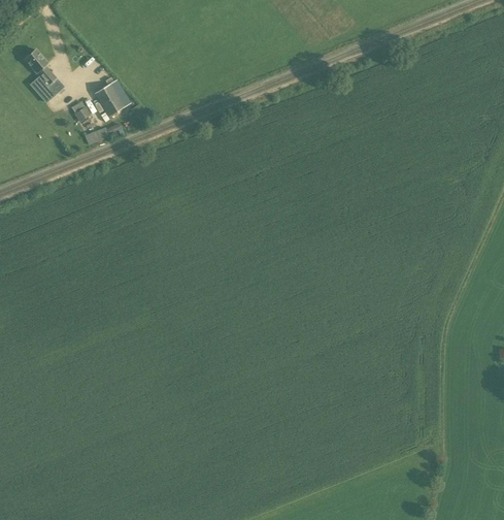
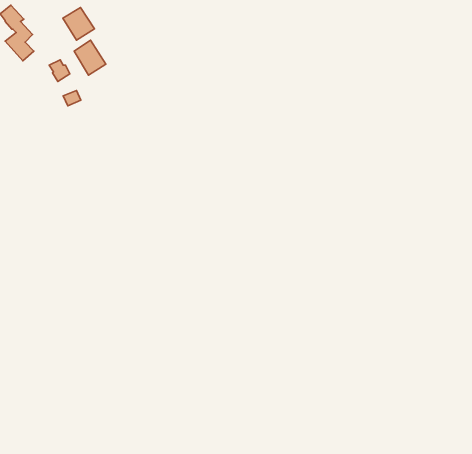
building: none -> [63,8,95,40]

